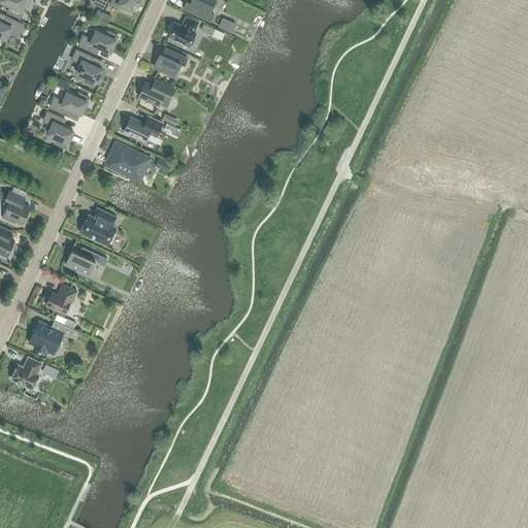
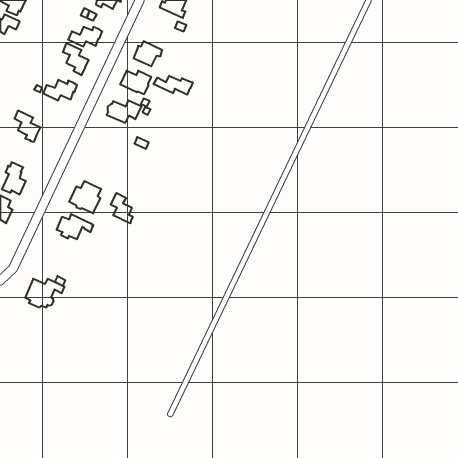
building: [169,16,198,47] -> none
building: none -> [154,76,193,95]
building: [43,111,73,147] -> [14,111,40,142]
building: [106,143,148,180] -> none
building: none -> [111,193,133,223]
building: [45,285,77,314] -> none
building: [11,357,41,389] -> none

